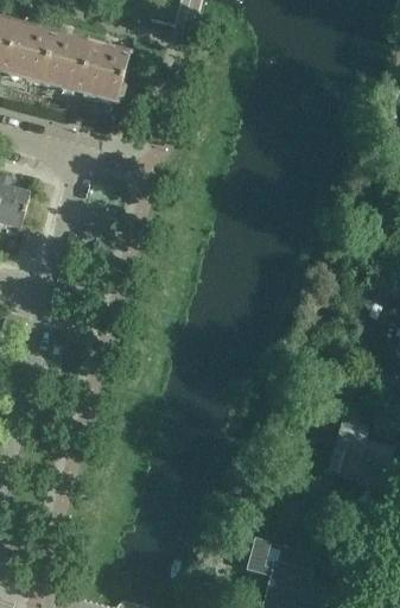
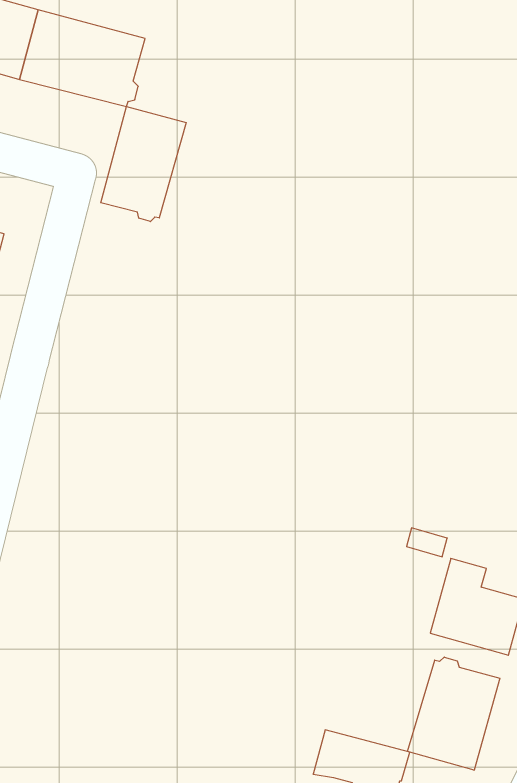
building: none -> [101,107,186,222]
building: none -> [407,657,500,770]

